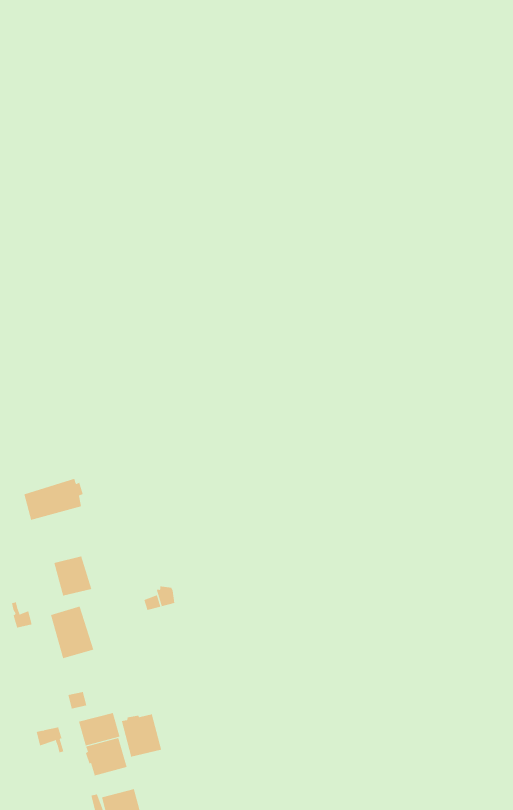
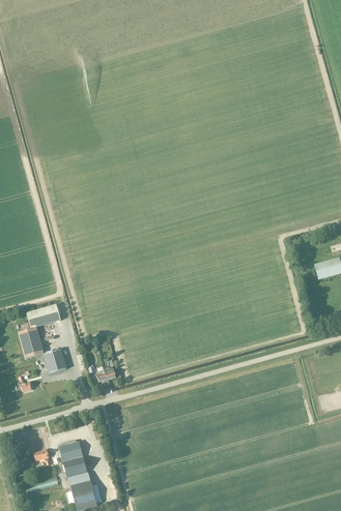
building: [50,606,94,659] -> [18,327,44,358]
building: [121,713,162,757] -> none

